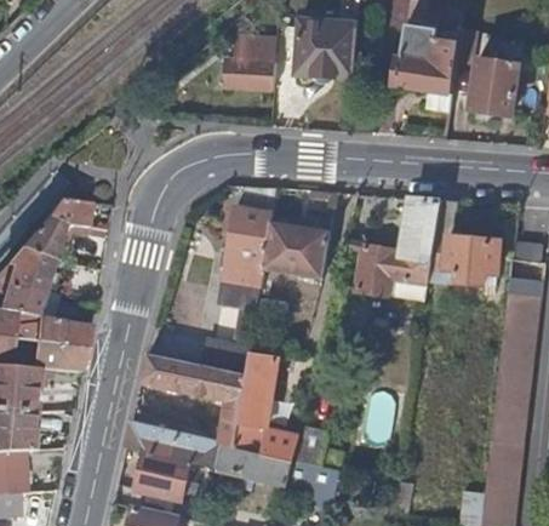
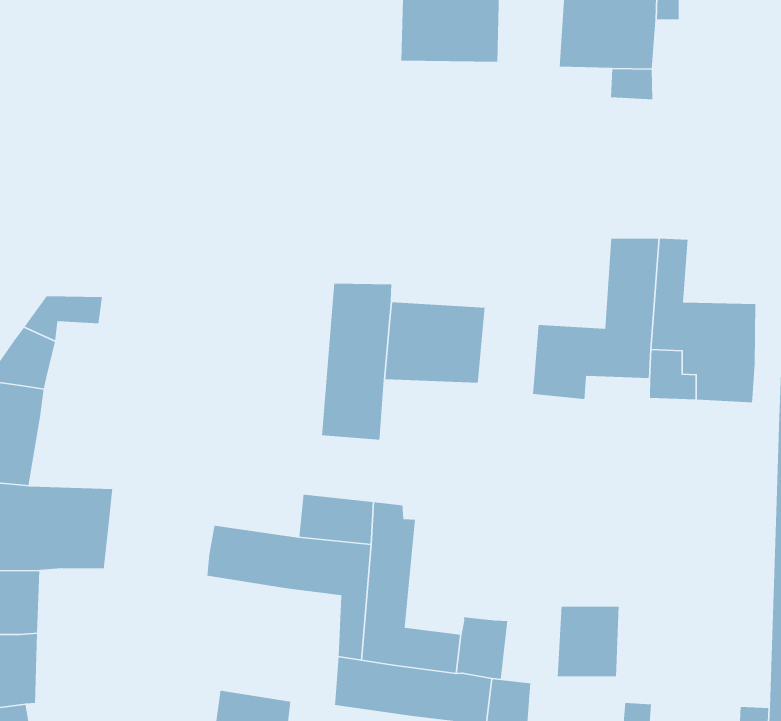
building: [221,36,276,91] -> none
building: [468,57,516,118] -> none
building: none -> [557,606,619,677]
building: [126,421,219,470] -> none

